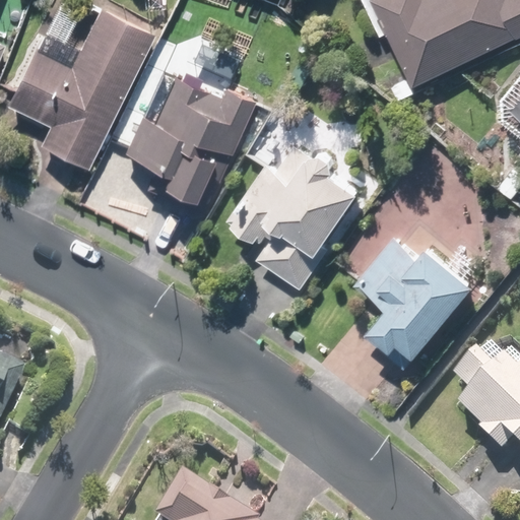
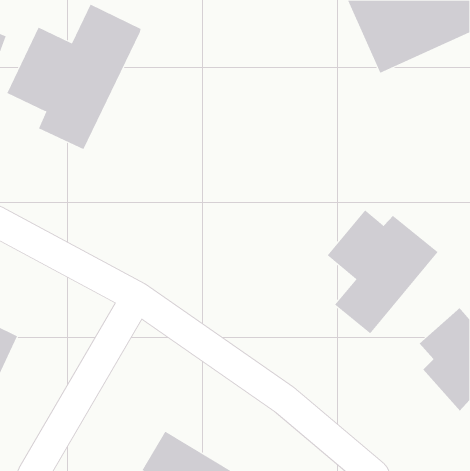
building: [127,63,253,214] -> none
building: [229,139,371,289] -> none

